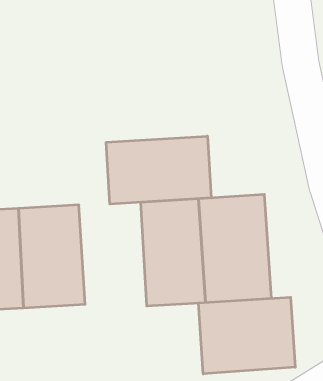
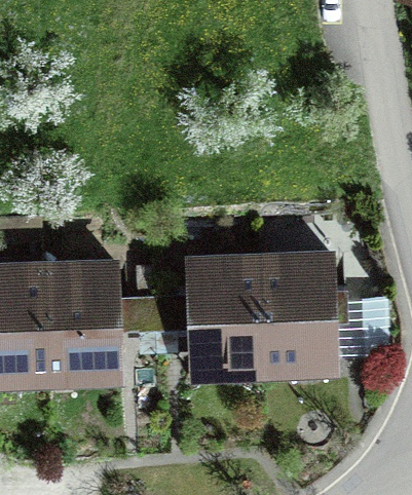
building: [106,136,211,204] -> none
building: [198,297,295,374] -> none

